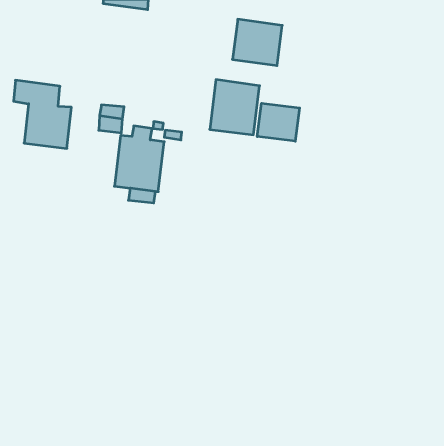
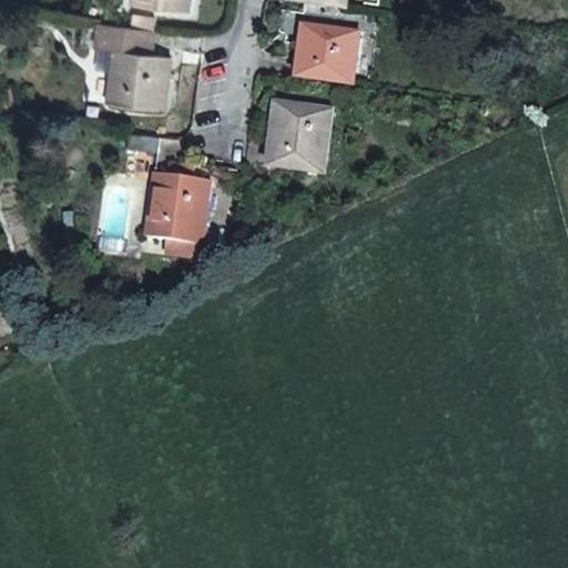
building: [14,80,71,148] -> [94,21,168,108]
building: [257,103,300,141] -> none

